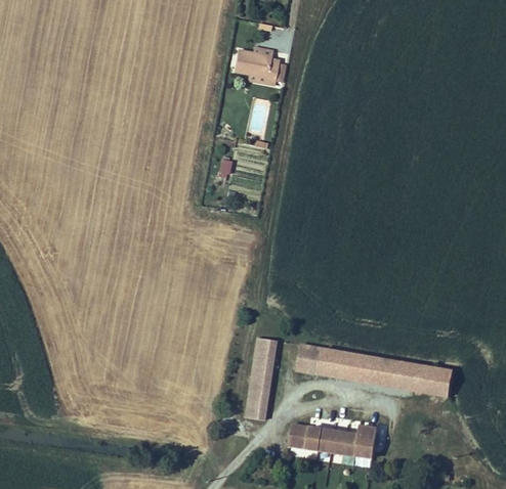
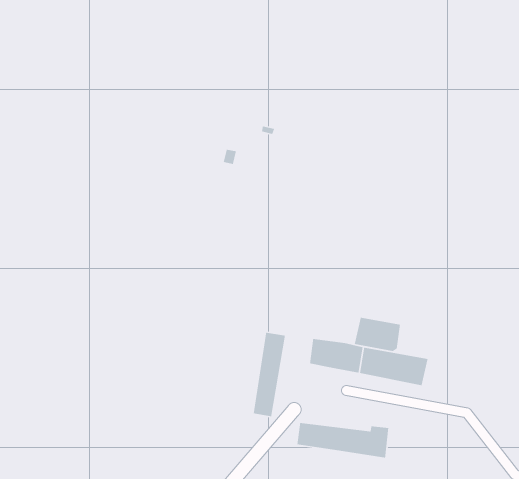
building: [234,50,281,87] -> none
building: [408,363,453,397] -> [354,317,401,352]

